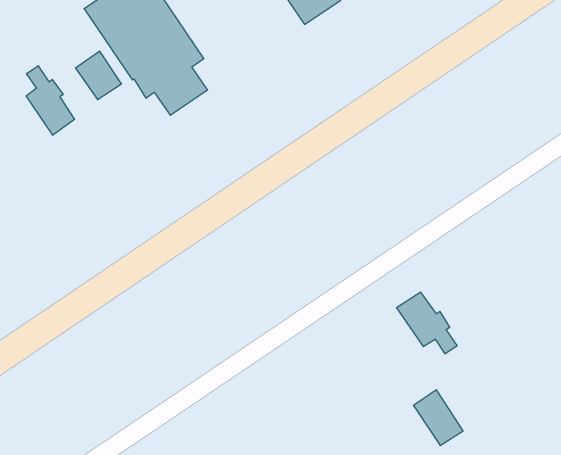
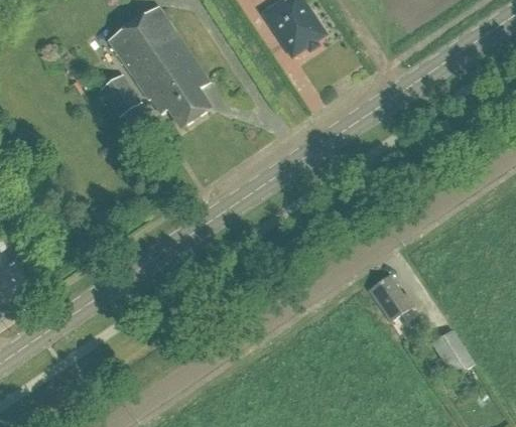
building: [26,66,75,135] -> none
building: [413,390,463,445] -> [432,327,474,374]

